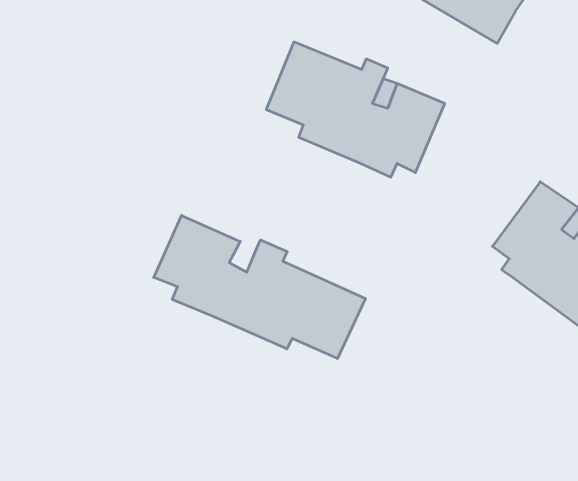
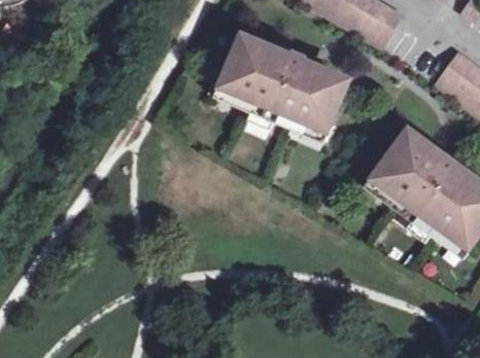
building: [154,215,366,359] -> none

